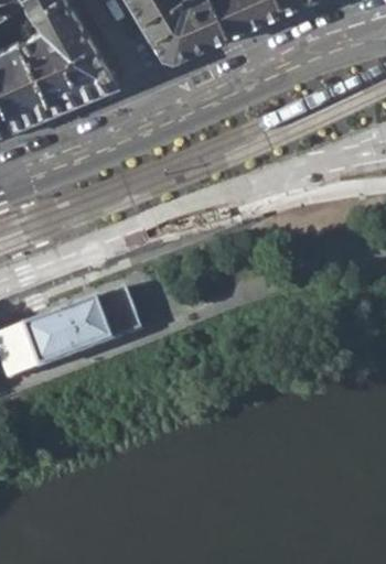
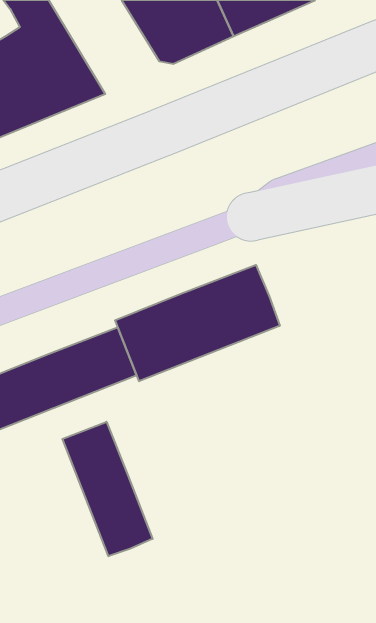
building: none -> [115,265,280,381]
building: none -> [62,422,153,556]

